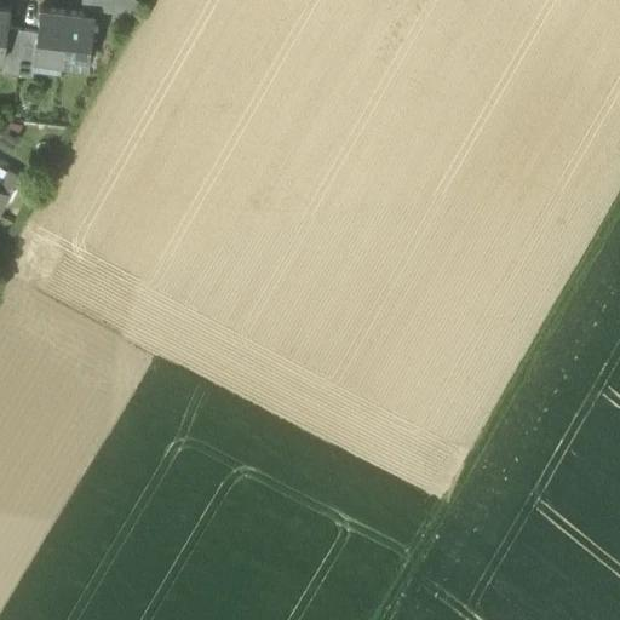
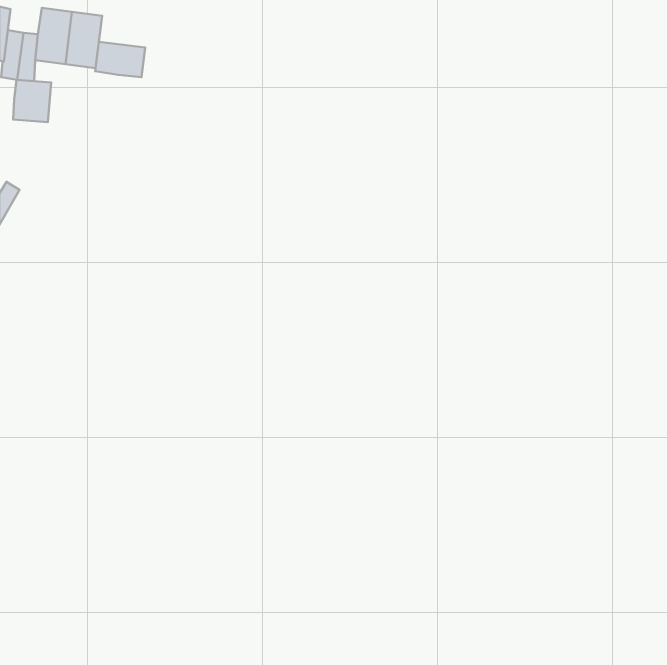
building: none -> [95,42,145,77]
building: none -> [13,80,51,122]

